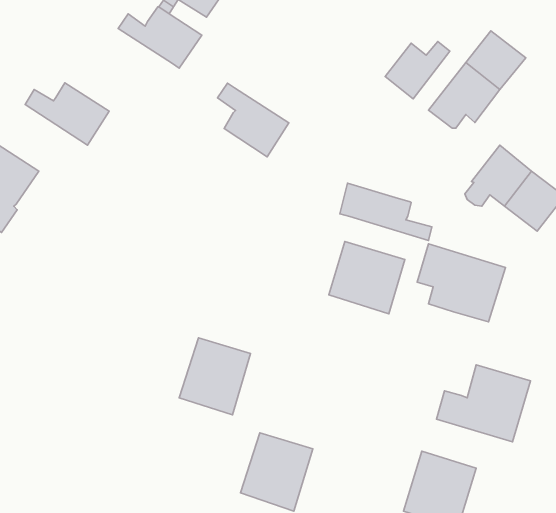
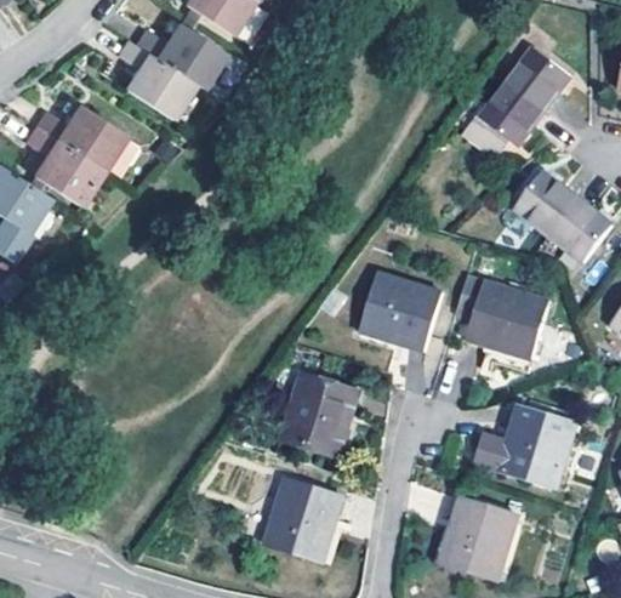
building: [385,41,450,99] -> none
building: [217,83,289,157] -> [116,40,193,119]
building: none -> [24,126,102,206]
building: [340,183,432,240] -> none
building: [179,338,251,415] -> [281,374,358,456]

